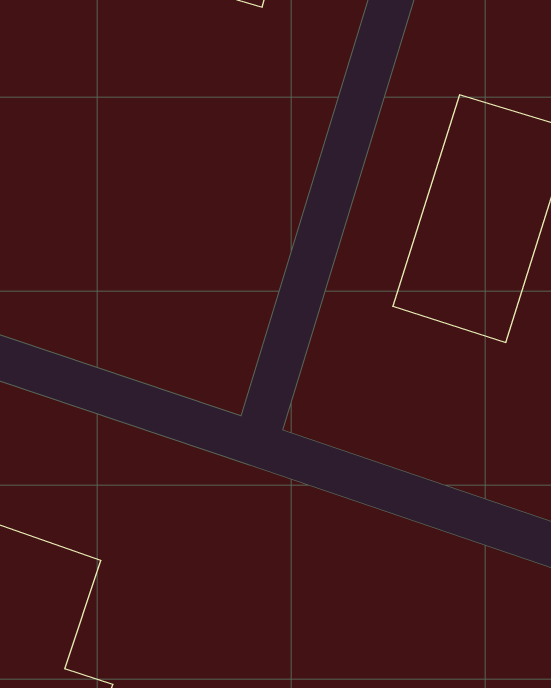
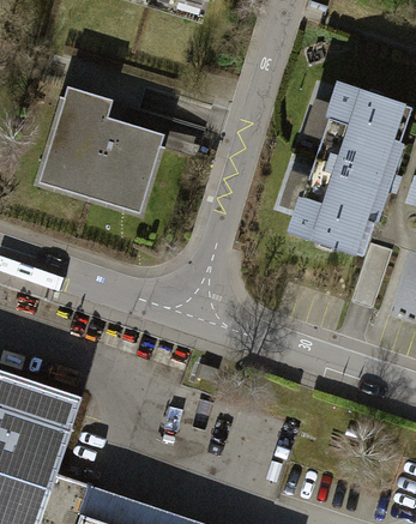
building: none -> [34,77,165,219]

